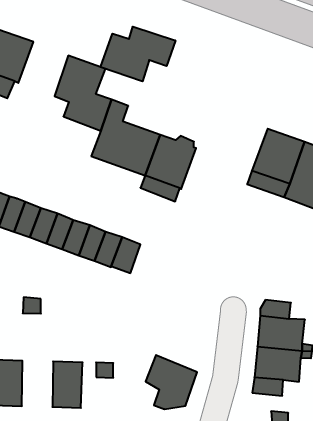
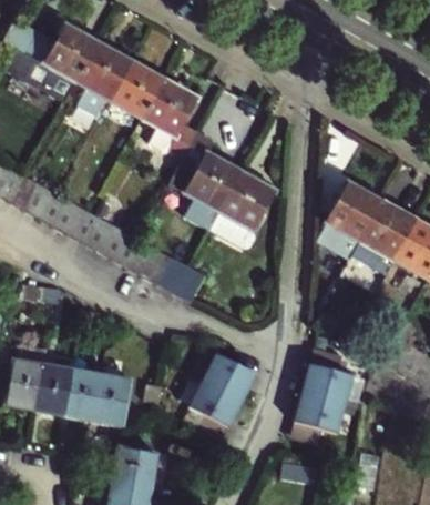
building: [101,27,175,81] -> none
building: none -> [111,60,164,117]
building: none -> [203,361,257,410]
building: none -> [63,371,101,421]

